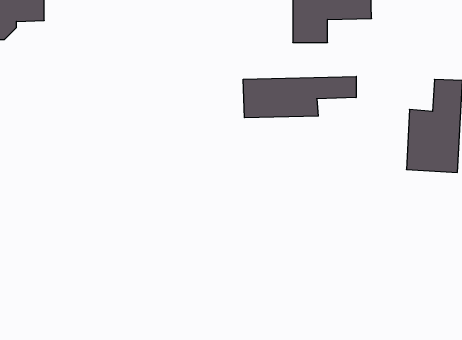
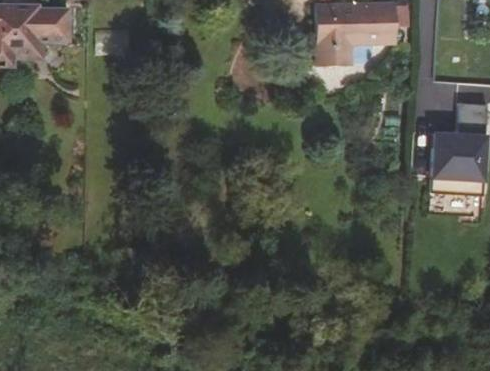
building: [243,76,356,118] -> none

